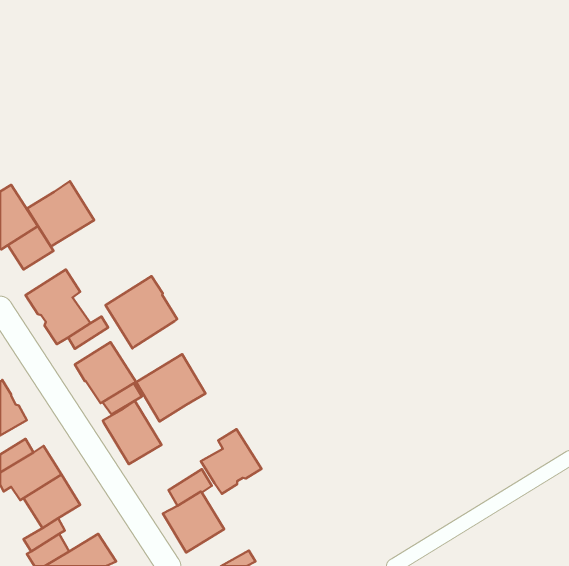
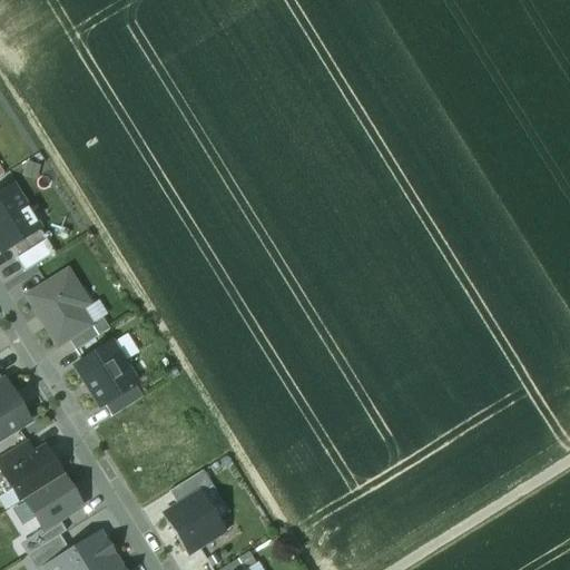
building: [27,181,94,247] -> none
building: [106,276,177,349] -> none
building: [136,354,206,421] -> none
building: [103,401,162,464] -> none
building: [201,429,261,494] -> none

